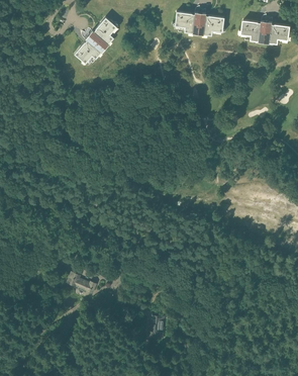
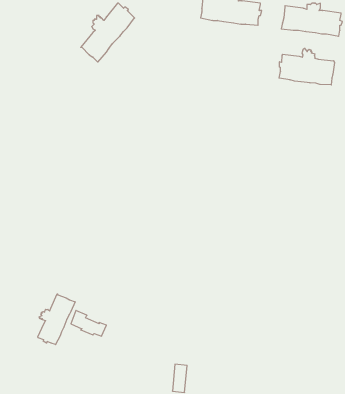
building: none -> [279,48,334,85]
building: none -> [38,294,75,345]

